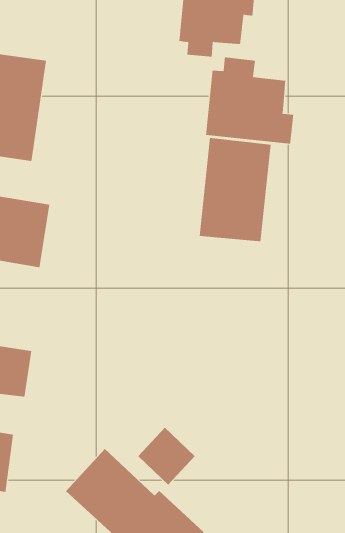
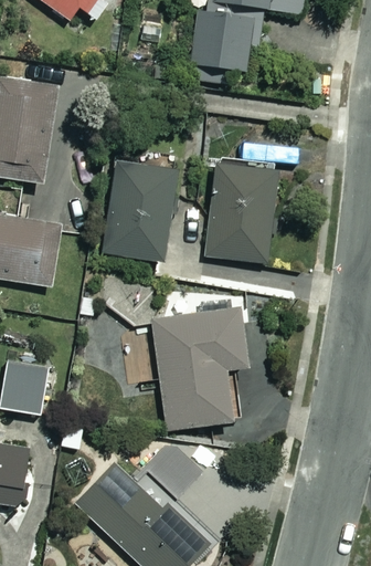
building: [206,57,294,144] -> none
building: none -> [102,163,178,262]
building: none -> [152,296,248,429]

